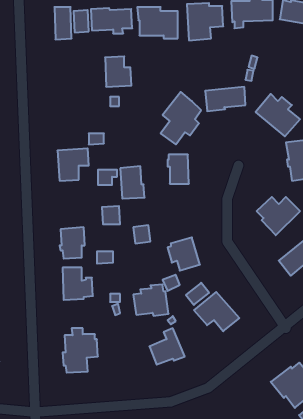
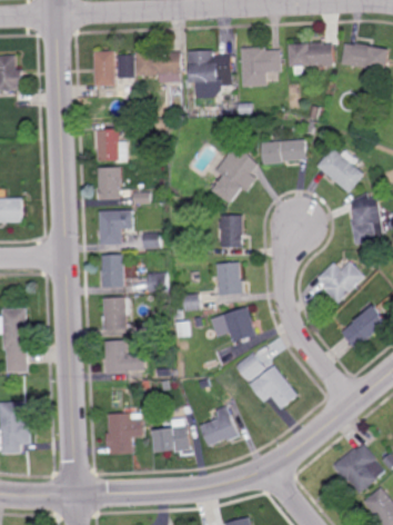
building: [105,56,131,87] -> [97,130,125,164]
building: none -> [98,168,122,199]
building: [120,166,145,199] -> [216,260,243,296]
building: none -> [101,252,123,287]
building: [133,284,169,316] -> [151,418,190,453]

